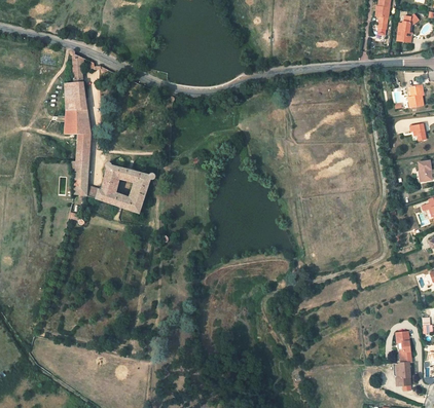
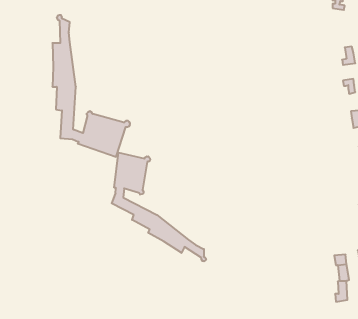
building: none -> [112,152,206,261]

